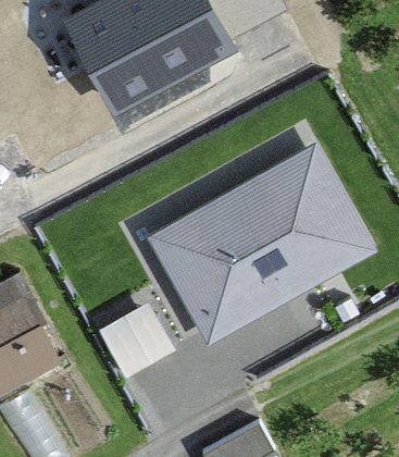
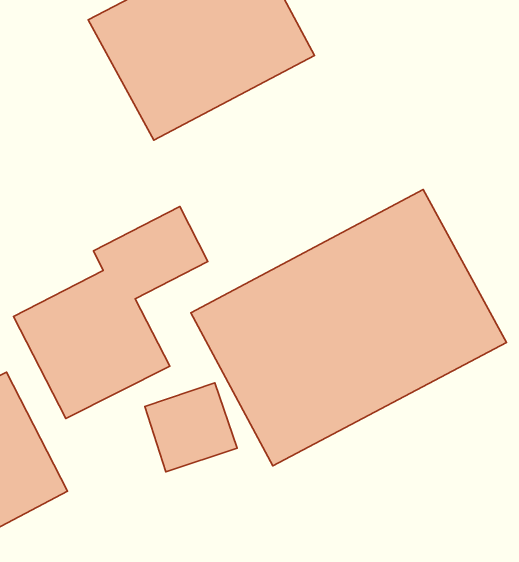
building: none -> [14,207,208,418]

